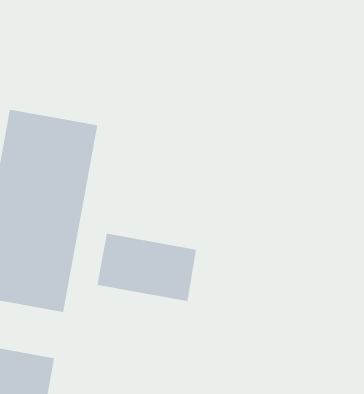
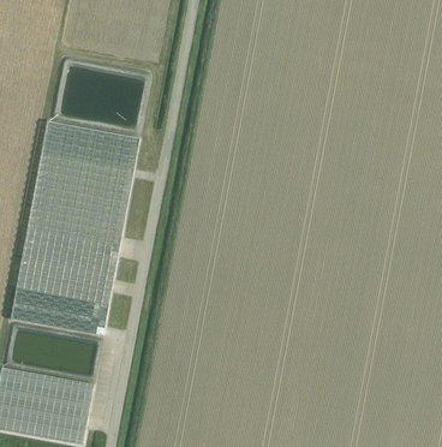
building: [97,233,196,302] -> none

